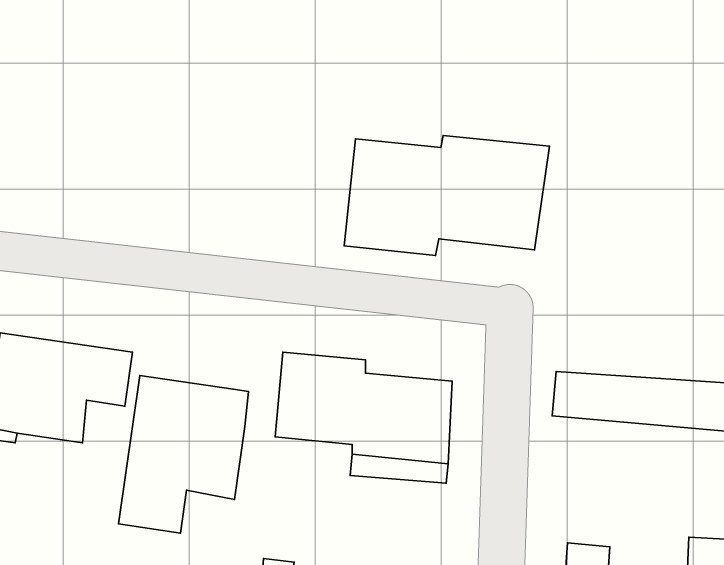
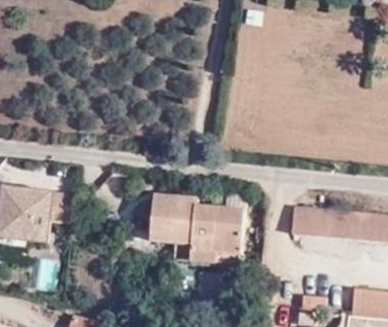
building: [344,136,550,256] -> none
building: [118,376,249,533] -> none

